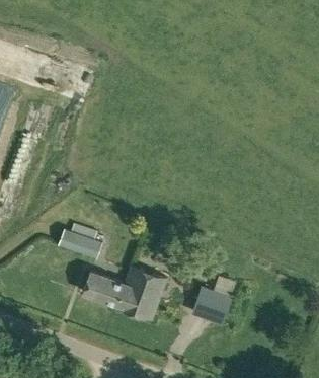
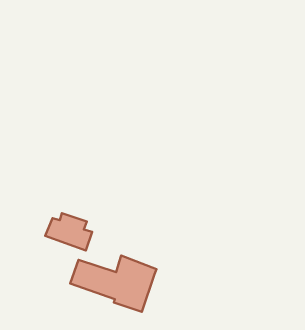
building: [191,287,232,326] -> none

